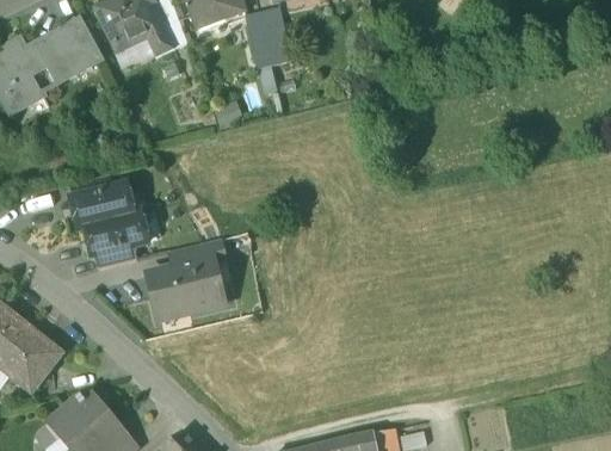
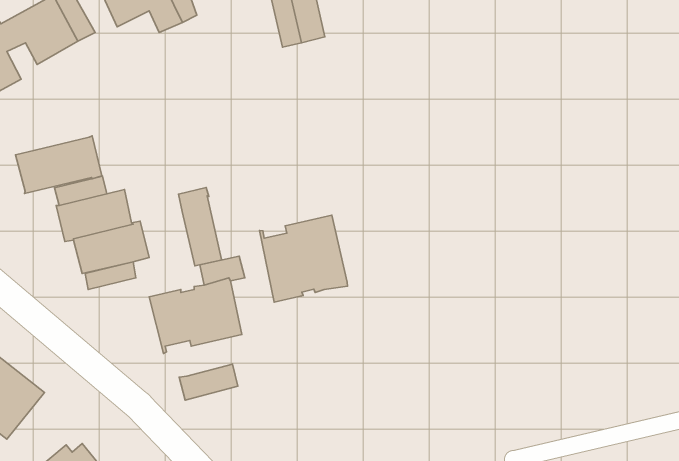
building: none -> [15,136,102,193]
building: none -> [178,188,222,266]
building: none -> [260,215,347,302]
building: none -> [179,364,238,400]

